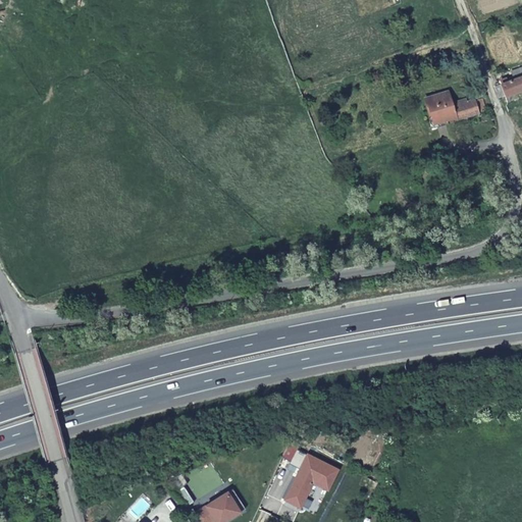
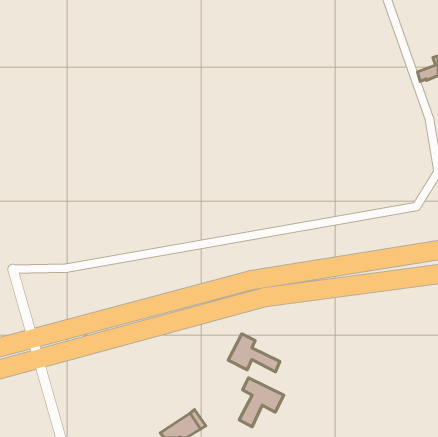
building: [425,91,488,123] -> none
building: none -> [228,334,280,372]

